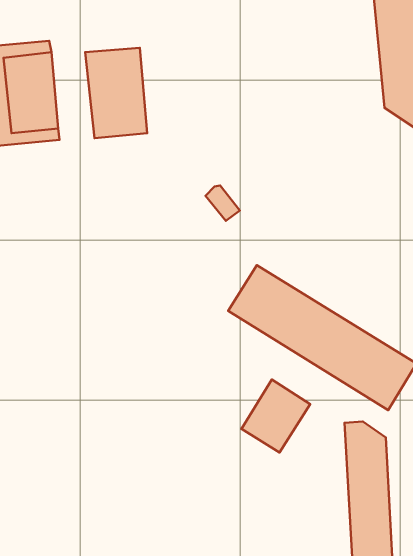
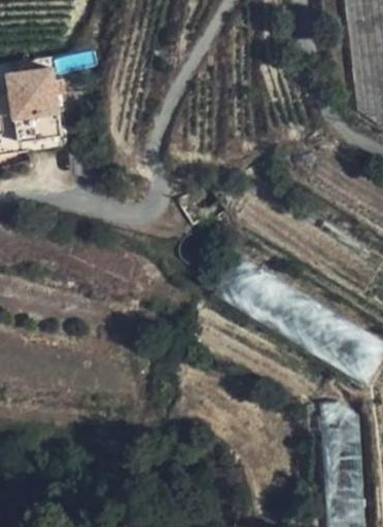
building: [85,48,147,138] -> none
building: [242,379,310,452] -> none

